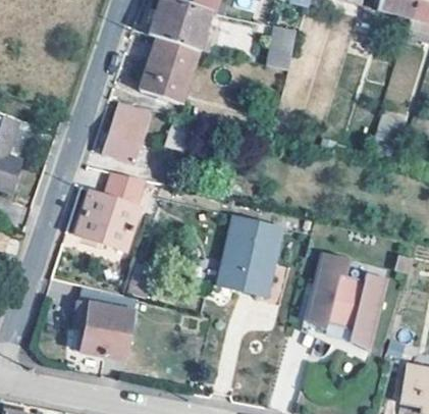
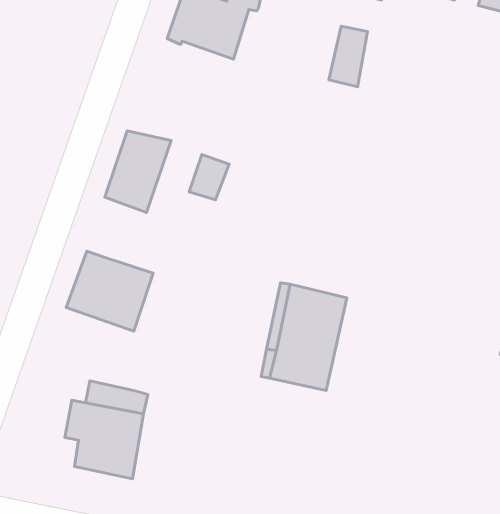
building: [141,36,198,103] -> none
building: [104,170,145,206] -> none
building: [299,250,388,353] -> none

